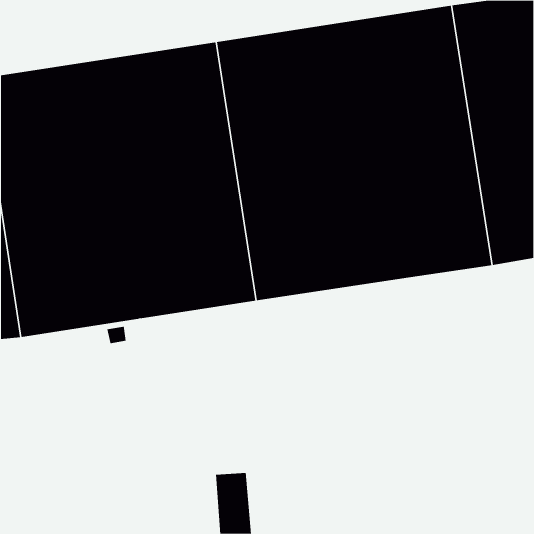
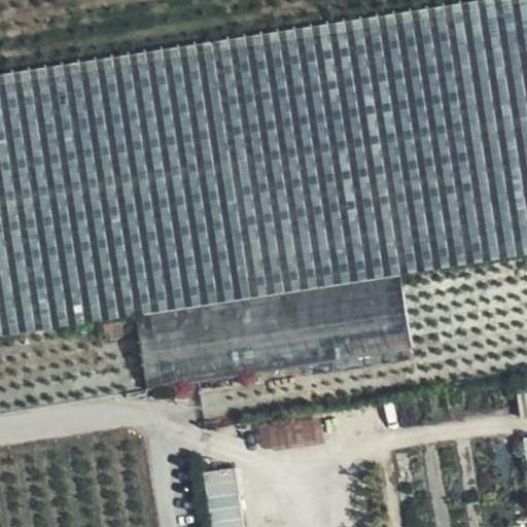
building: none -> [138,274,413,389]

